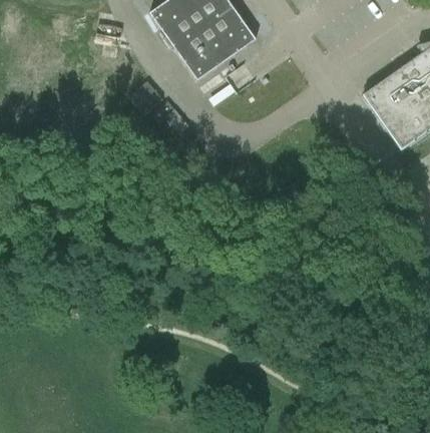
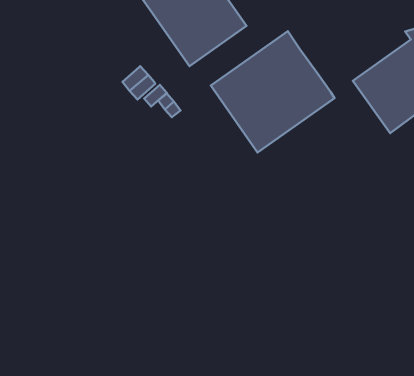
building: none -> [211,31,335,153]

